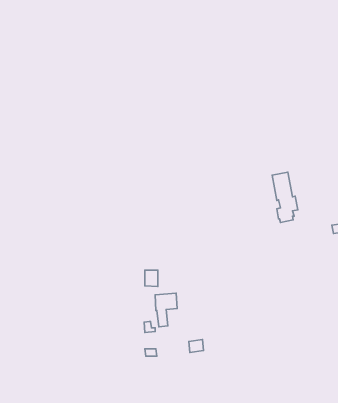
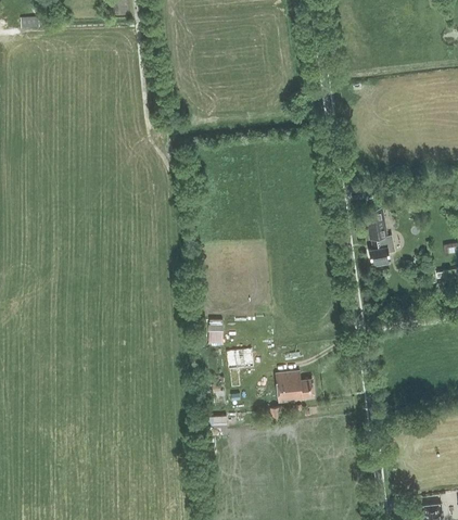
building: none -> [276,370,314,402]

